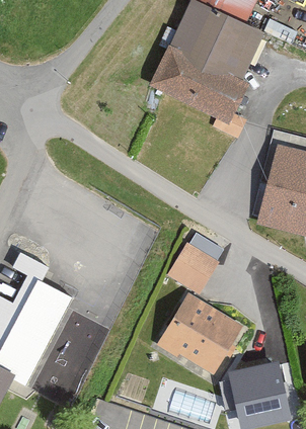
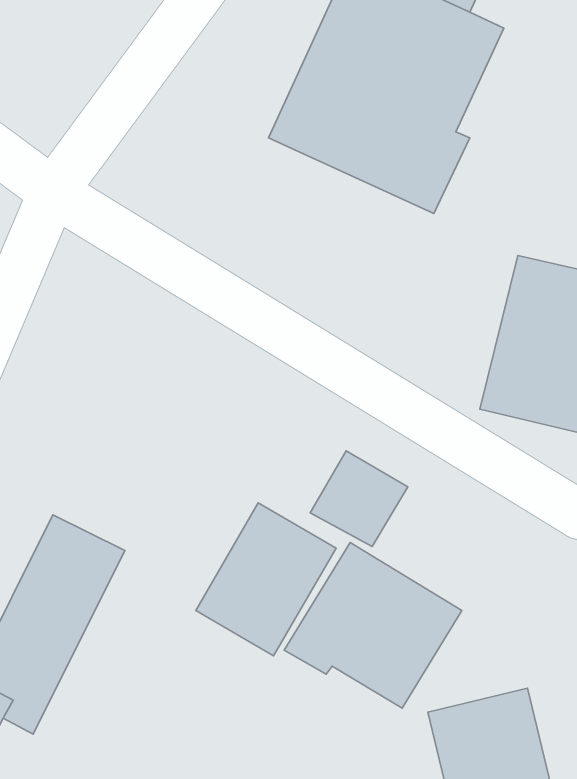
building: none -> [196,503,336,656]

